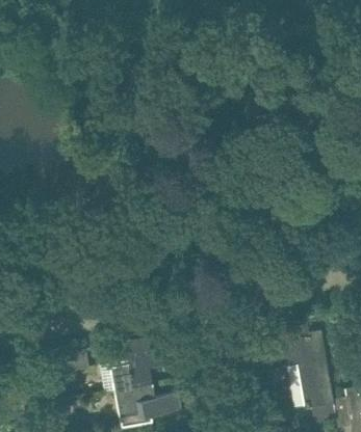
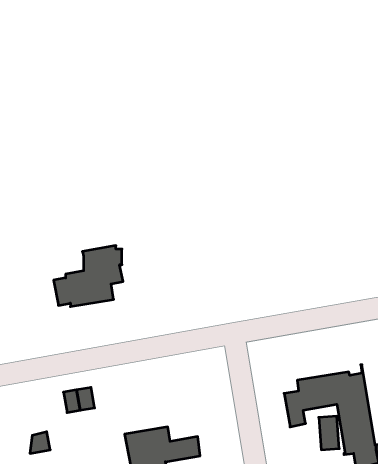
building: [101,338,161,390] -> [54,246,123,307]

